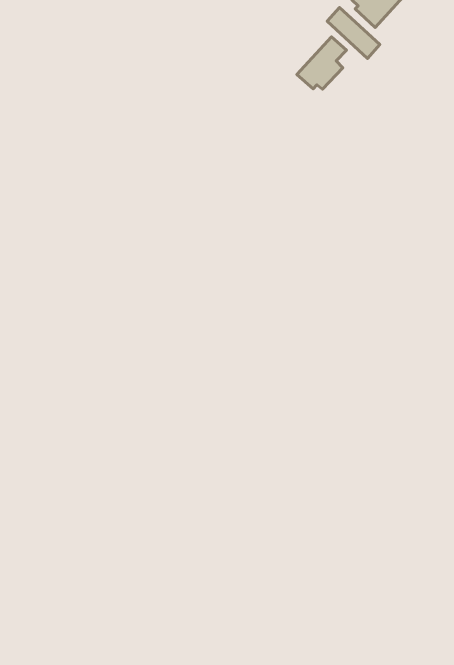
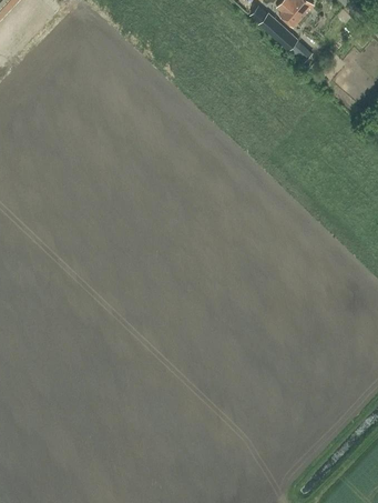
building: [297,37,347,89] -> none

